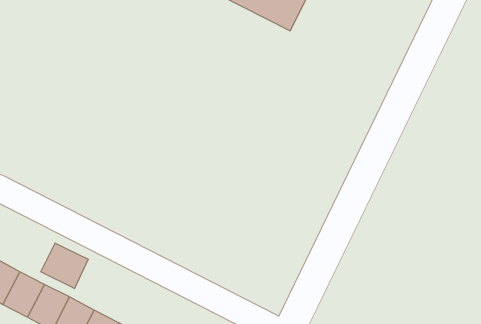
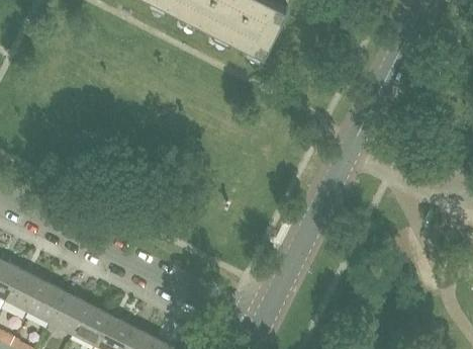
building: [41,243,88,289] -> none

